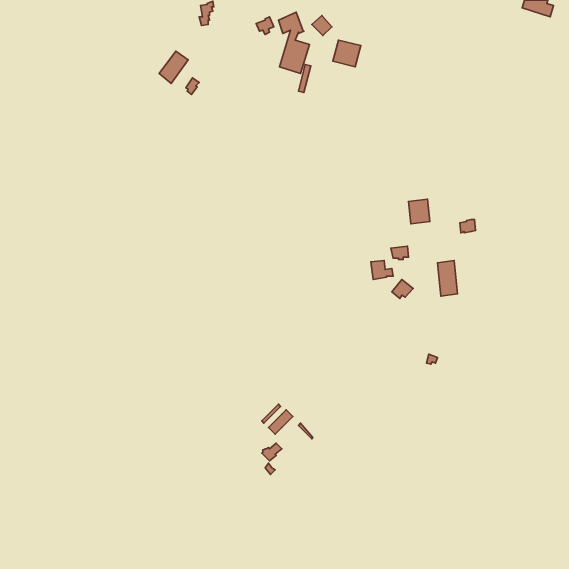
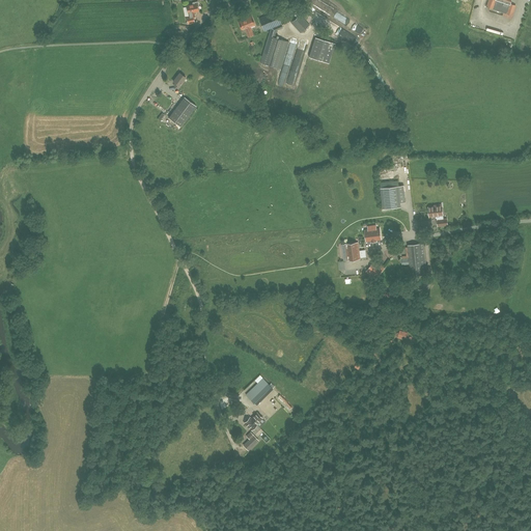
building: [159,51,188,83] -> [169,96,196,127]

